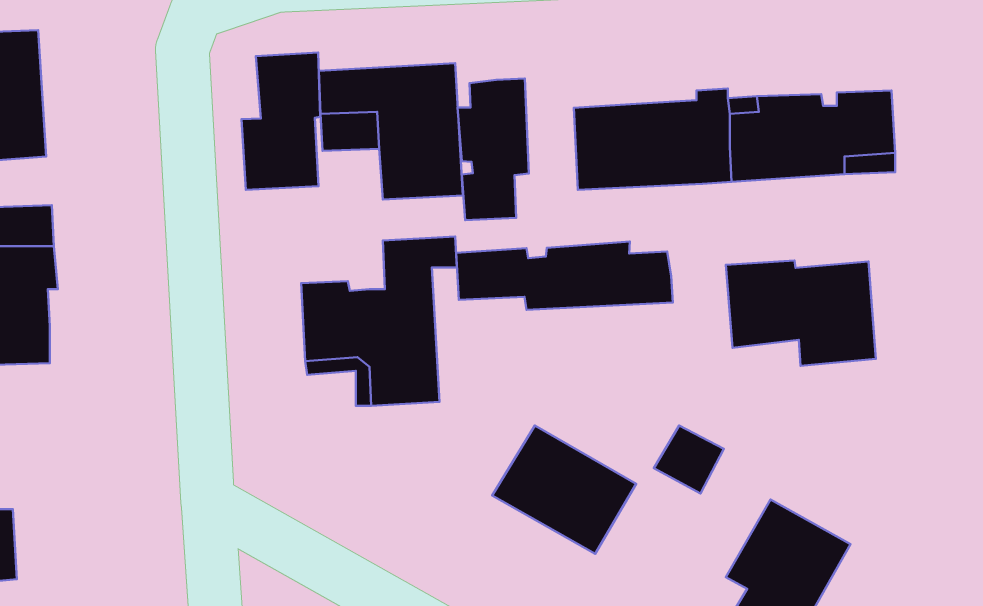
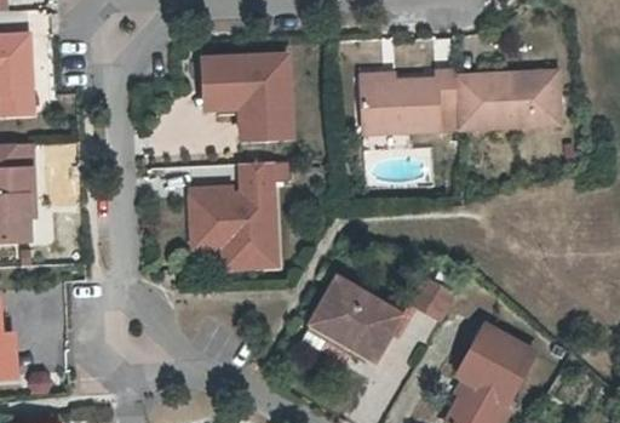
building: [241,53,320,190] -> none
building: [458,78,529,220] -> none
building: [456,242,673,310] -> none
building: [726,260,876,366] -> none

